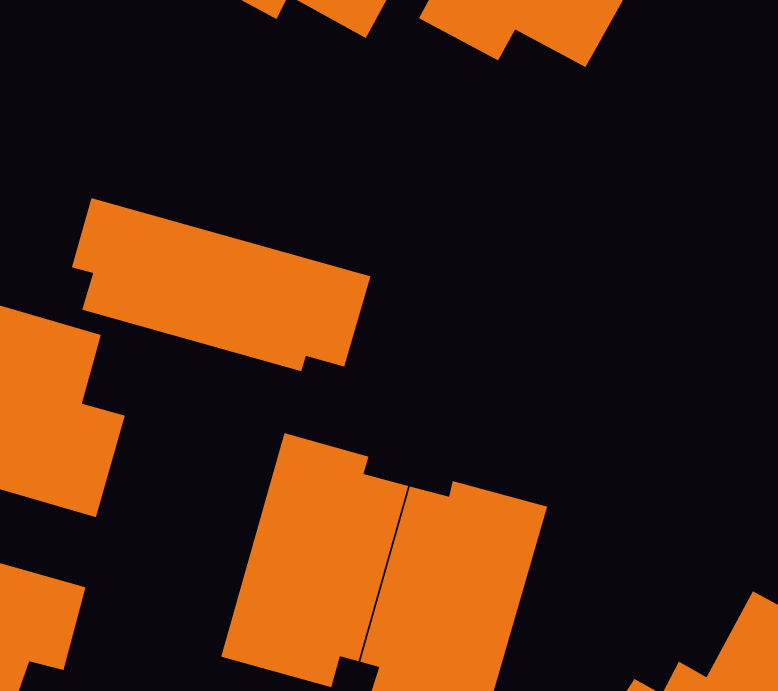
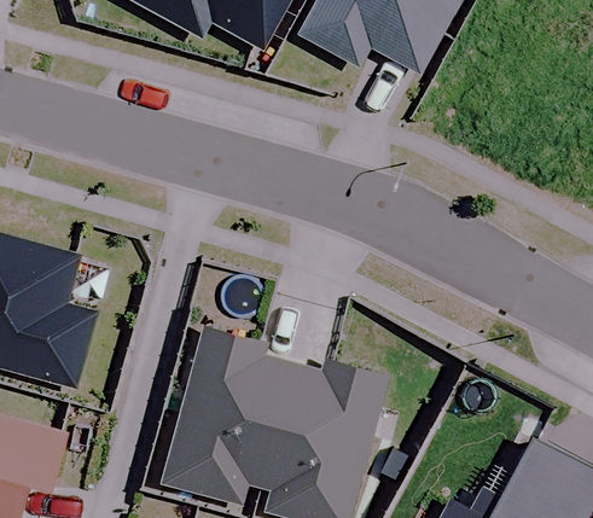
building: [71,197,371,372] -> none

